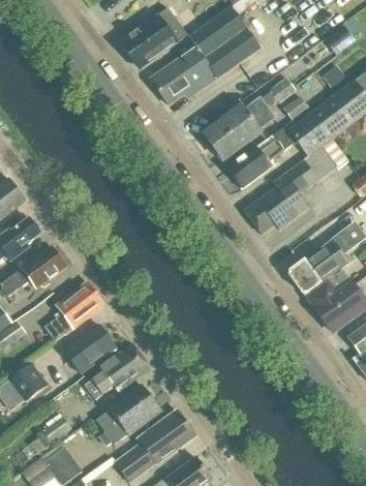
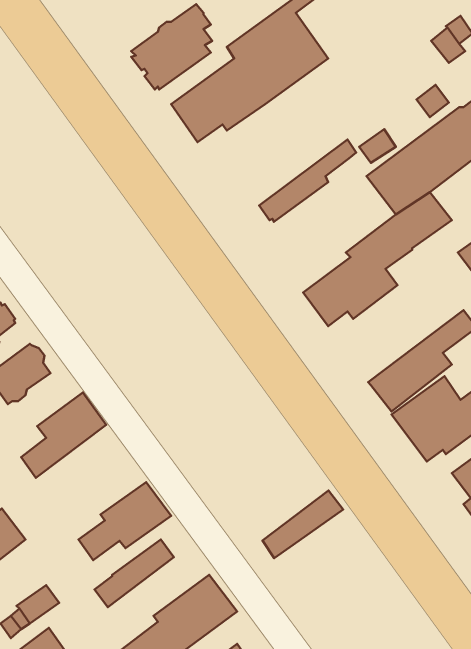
building: [204,78,296,149] -> none
building: [227,127,295,188] -> none
building: [64,324,116,372] -> none
building: [105,396,162,444] -> [262,490,343,558]

